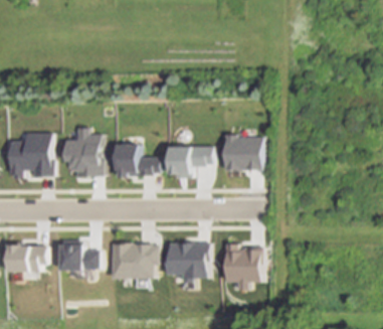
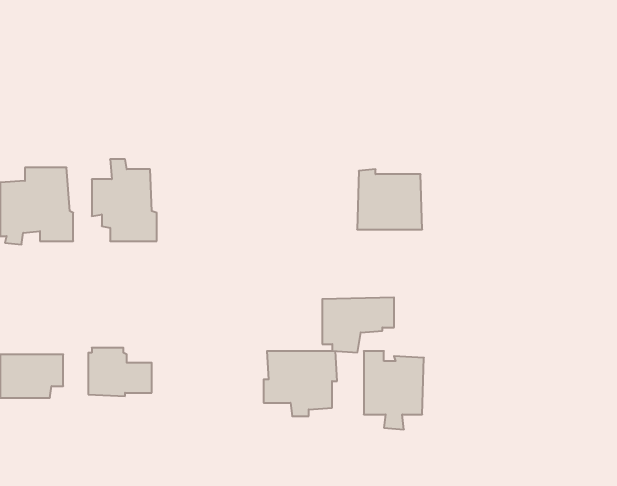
building: [114,145,157,176] -> none
building: [168,145,211,178] -> [322,297,394,352]
building: [111,242,159,278] -> none

